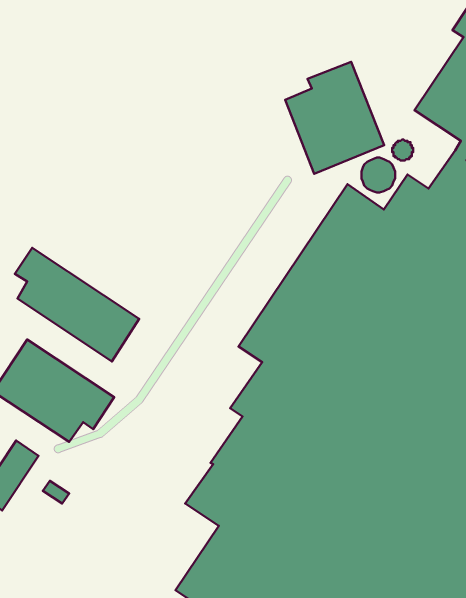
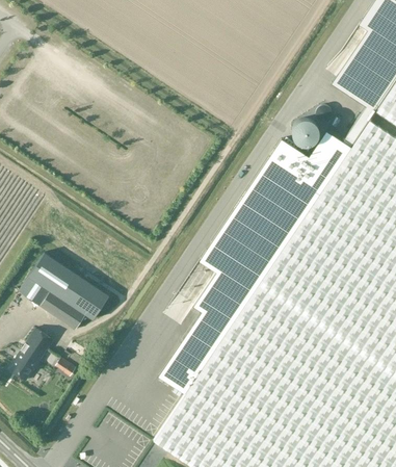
building: [285,62,384,174] -> none
building: [15,248,139,361] -> none

